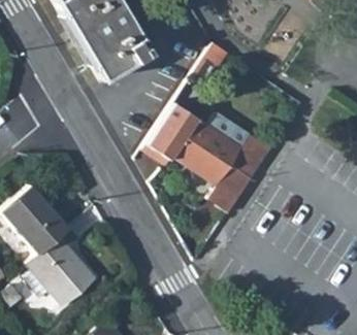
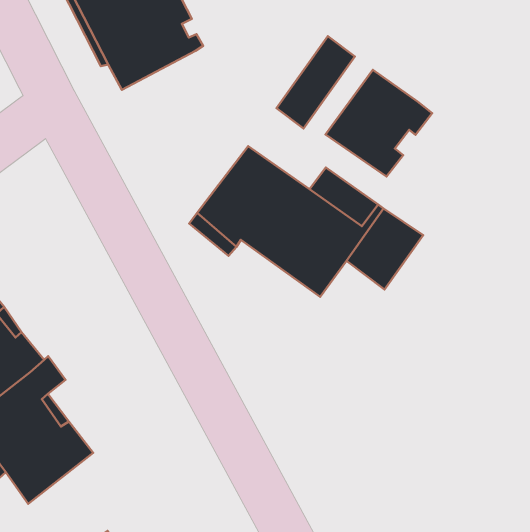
building: none -> [326,70,432,177]
building: [208,163,253,211] -> none

